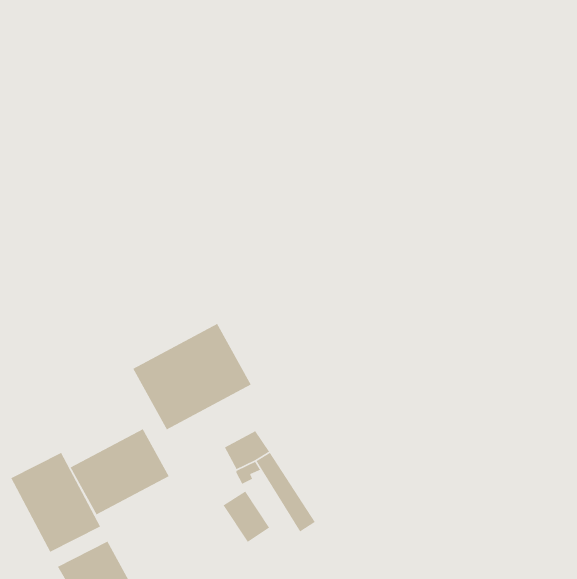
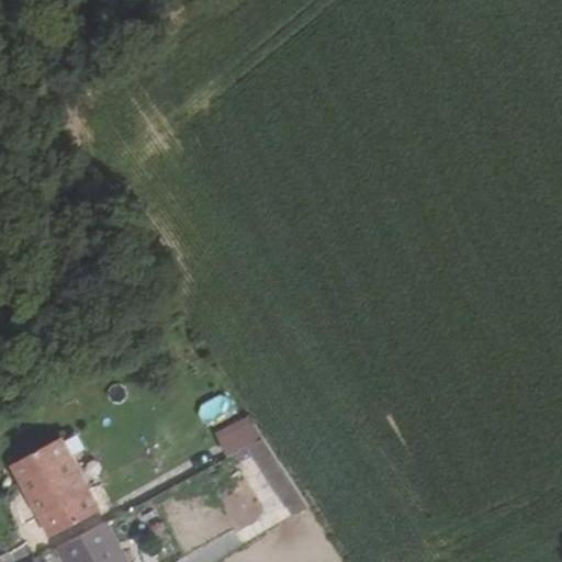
building: [132,323,252,430] -> none
building: [69,428,170,516] -> none

